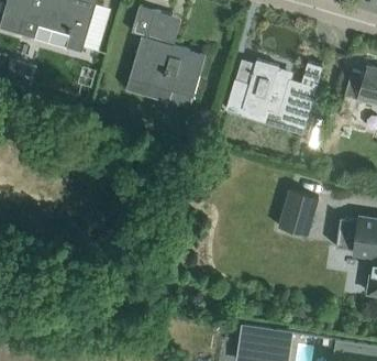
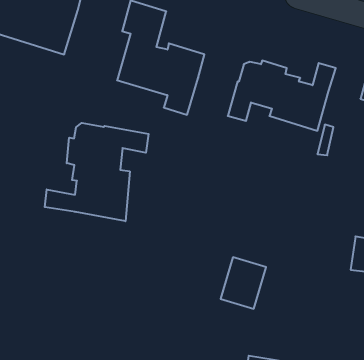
building: none -> [45,123,149,221]
building: [278,188,319,234] -> [221,257,266,309]

